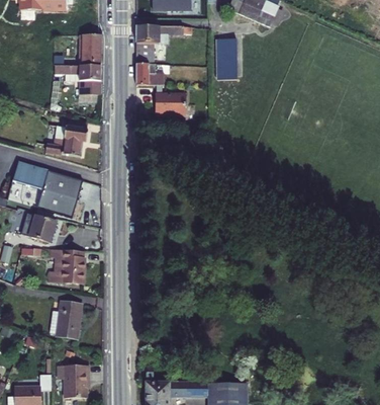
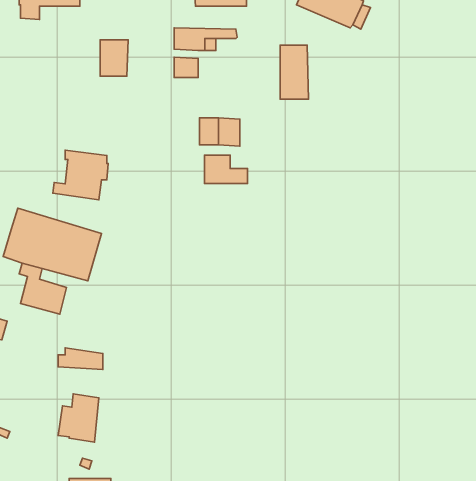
building: [136,63,169,84] -> [205,155,248,183]
building: [54,65,101,95] -> none
building: [51,248,84,270] -> none

